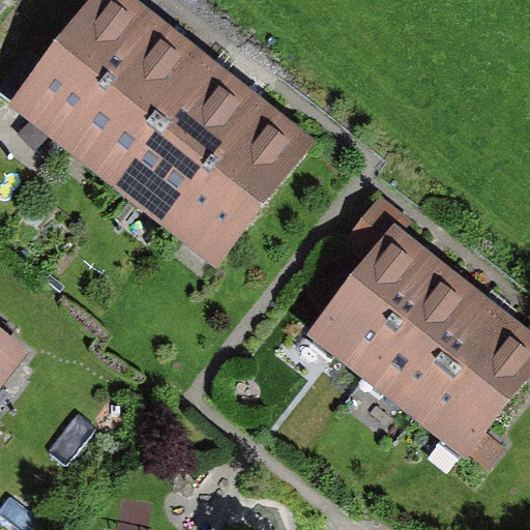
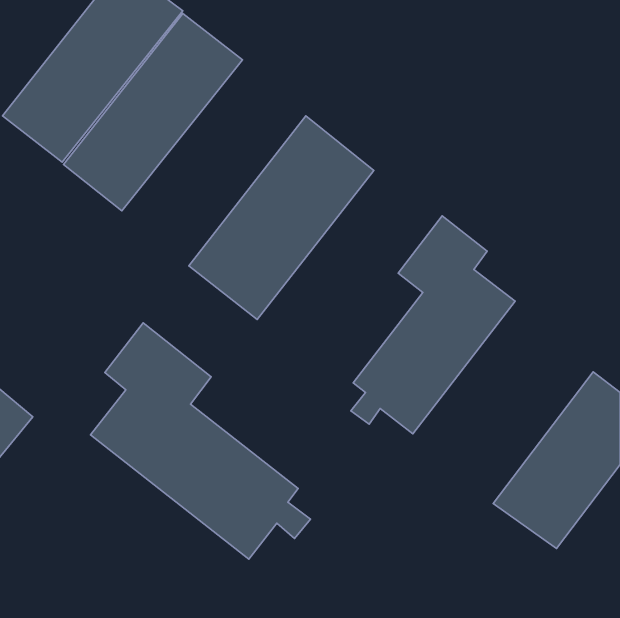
building: [105,53,260,224] -> none
building: [355,258,498,415] -> none
building: none -> [90,323,310,559]

